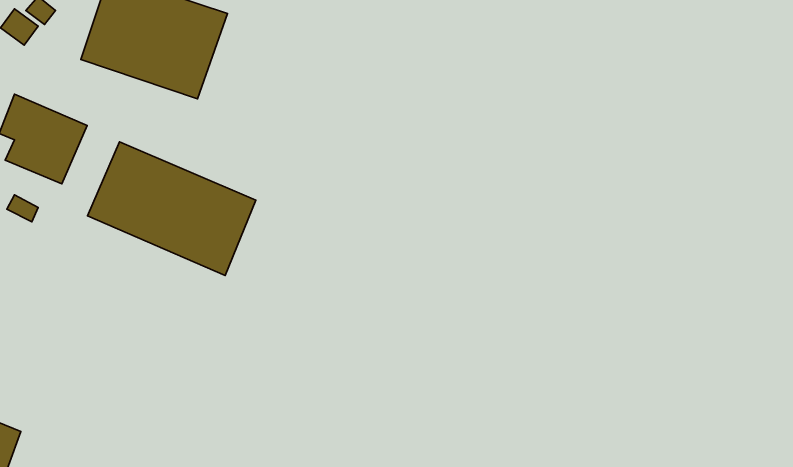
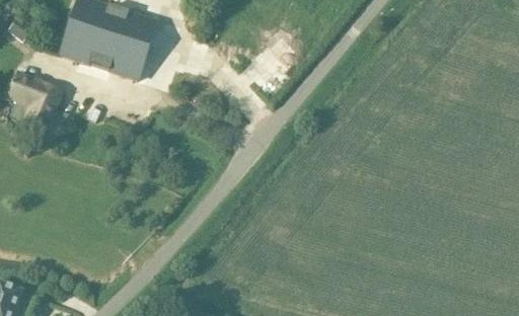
building: [88,142,256,276] -> none

